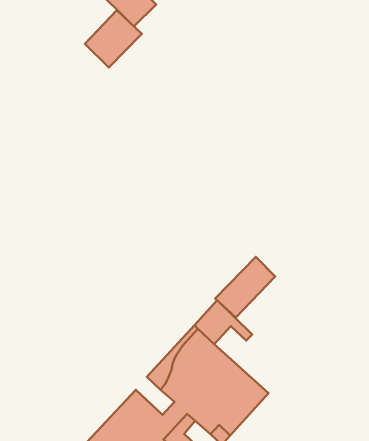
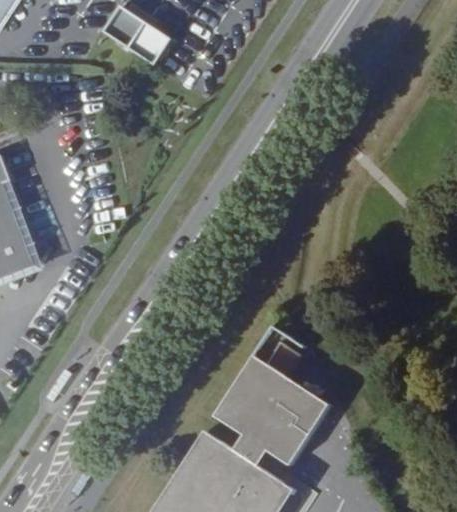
building: [85,10,142,68] -> none
building: [215,257,275,318] -> none

